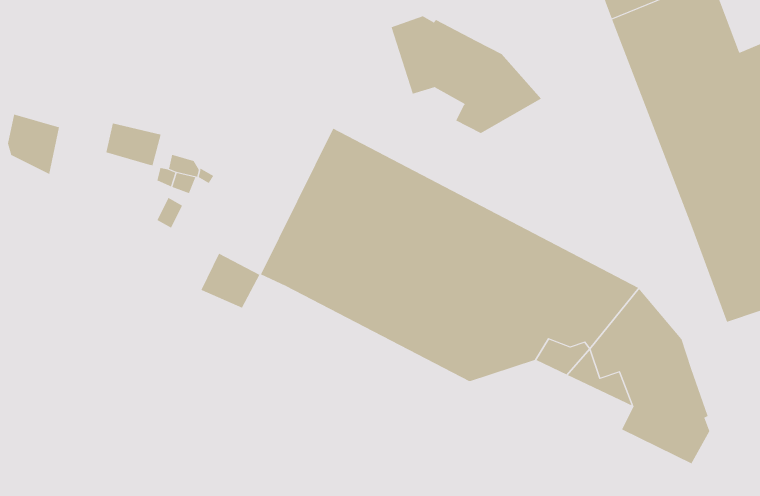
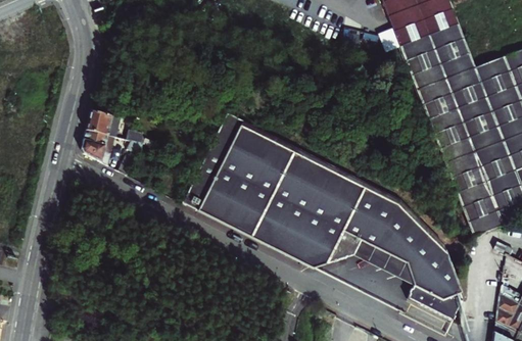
building: [391,15,542,134] -> none
building: [7,114,60,175] -> [82,128,114,165]
building: [201,253,260,309] -> none

